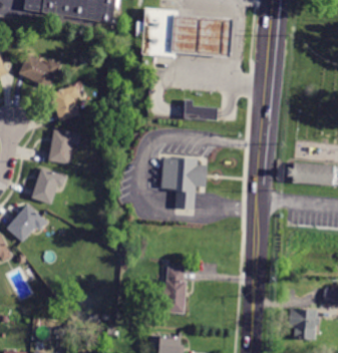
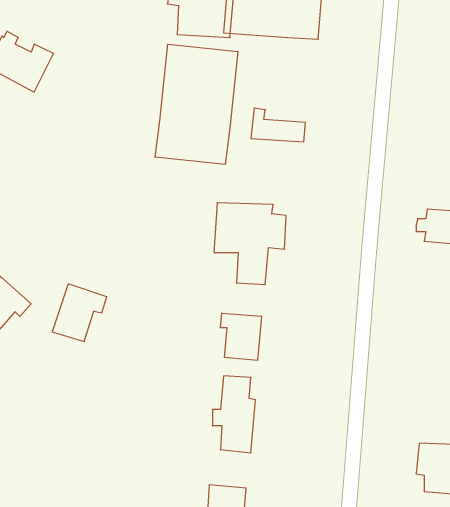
building: none -> [155,44,238,164]
building: [50,85,79,121] -> none
building: [48,130,79,164] -> none
building: [31,168,65,205] -> [52,284,107,342]
building: none -> [220,313,262,360]

